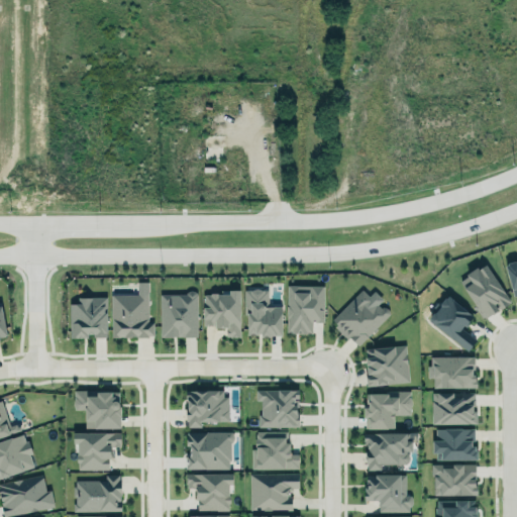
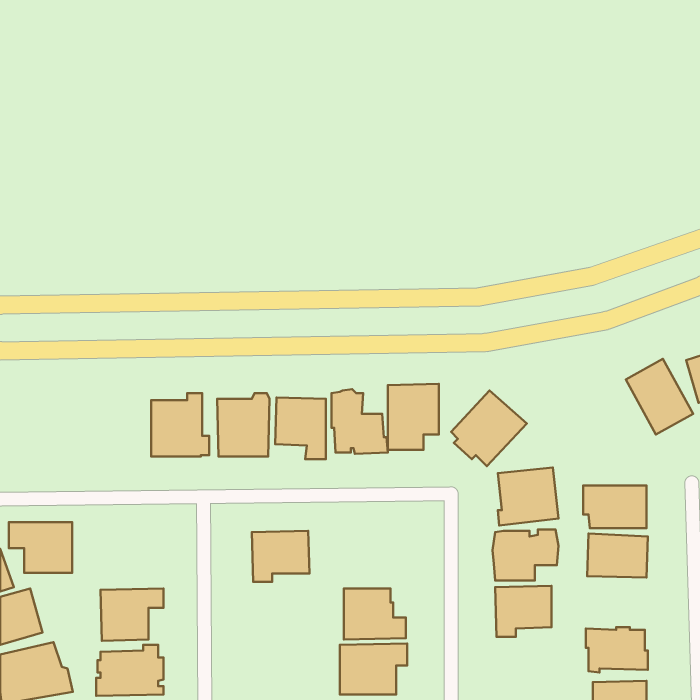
building: [431,290,480,352] -> none
building: [71,299,109,340] -> none
building: [257,392,300,429] -> none
building: [75,393,121,430] -> [9,522,72,573]
building: [435,430,477,461] -> none
building: [187,433,232,472] -> none
building: [365,472,412,512] -> none
building: [188,476,234,512] -> none

